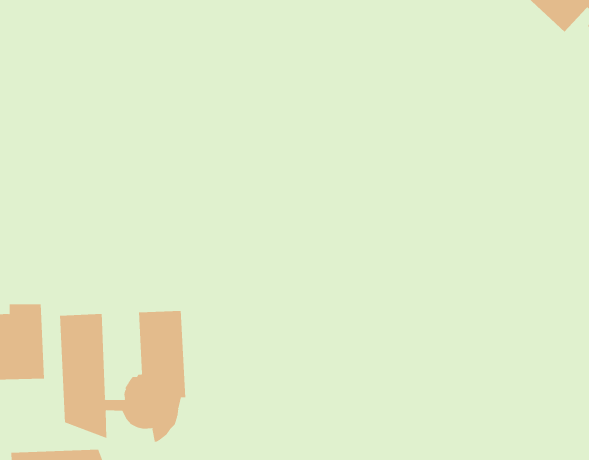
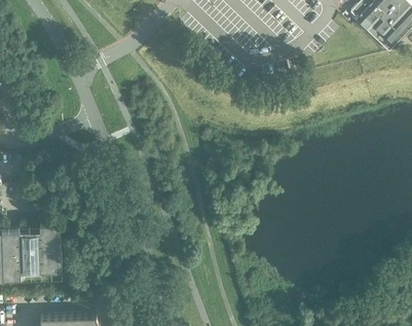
building: [60,310,186,443] -> none

